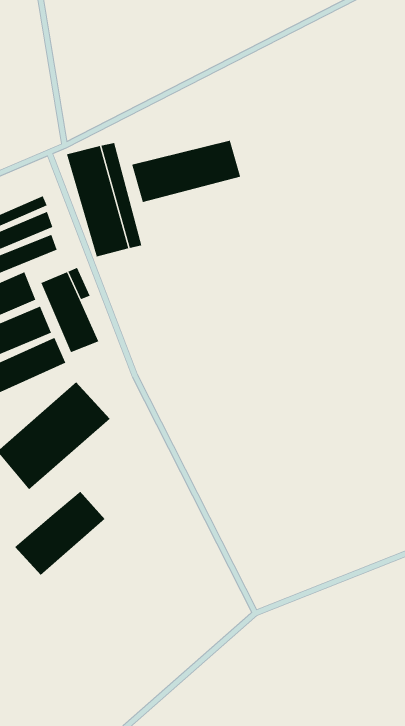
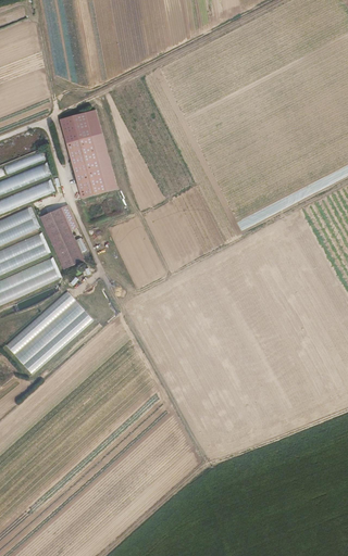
building: [132,140,241,203] -> none
building: [14,491,105,576] -> none

